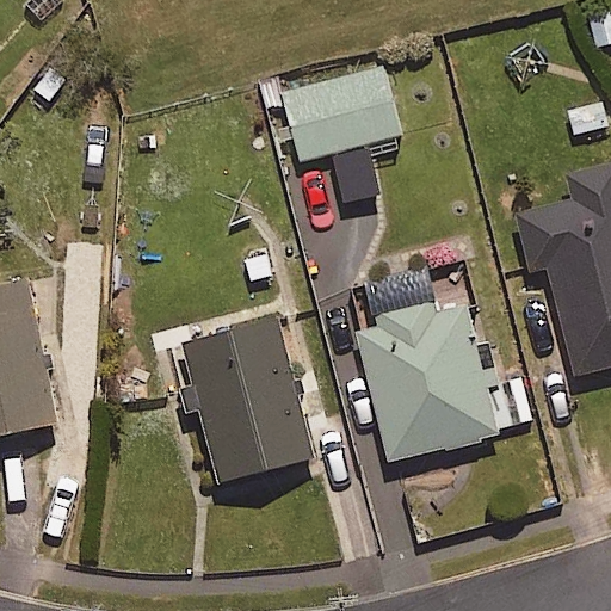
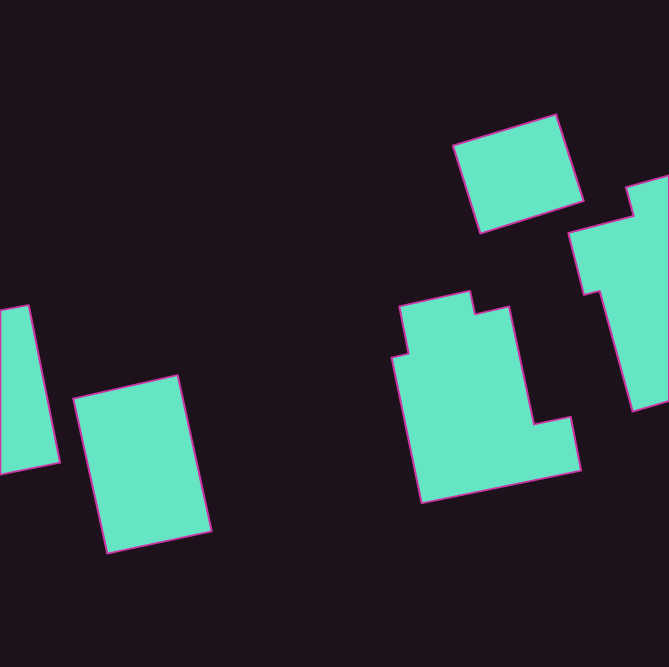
building: [284,70,403,179] -> [453,114,584,234]
building: [184,320,310,482] -> [73,375,212,553]

